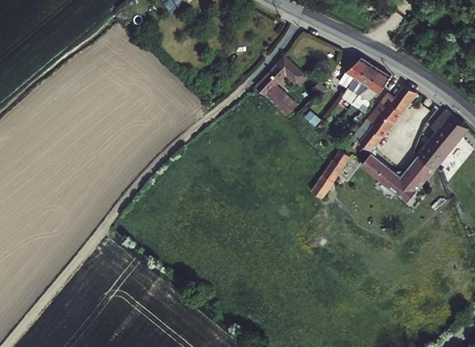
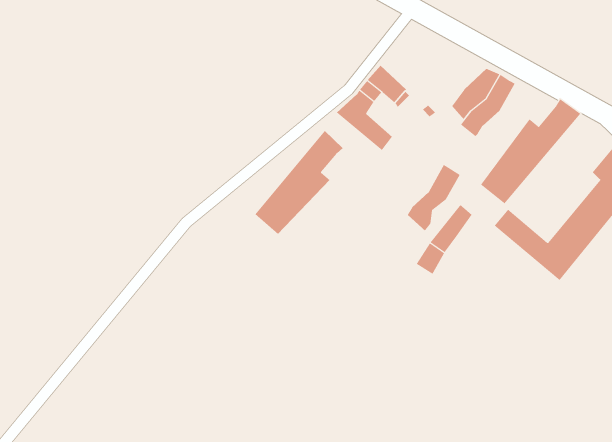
building: [352,69,389,114] -> [407,164,460,232]
building: none -> [254,130,343,235]

